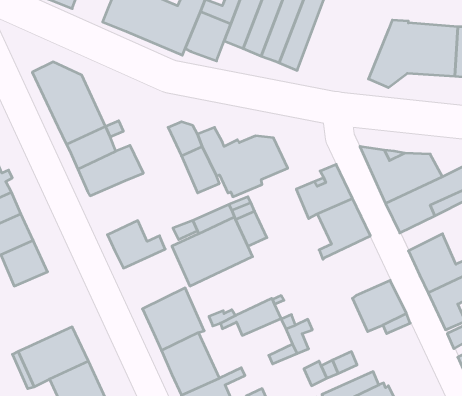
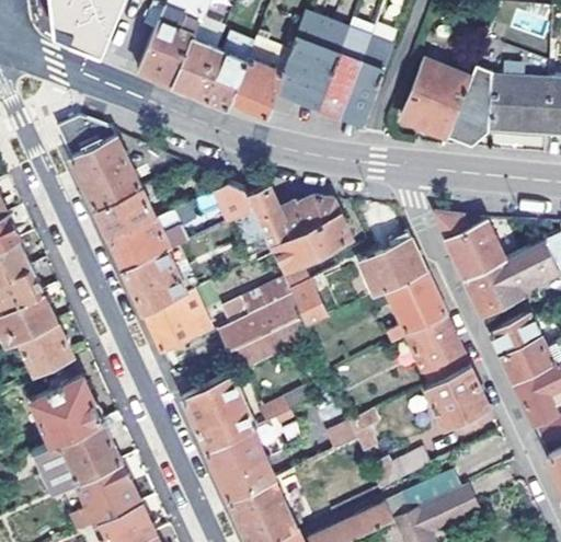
building: none -> [401,60,467,135]
building: none -> [123,252,183,314]
building: none -> [393,315,469,384]
building: none -> [32,377,102,443]

